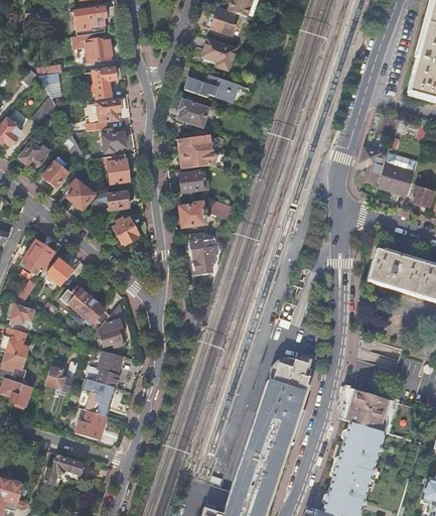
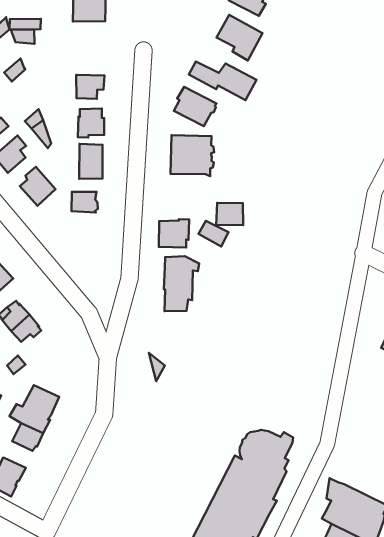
building: [88,69,118,102] -> none
building: [180,171,203,191] -> [216,203,243,225]
building: [113,218,138,245] -> none
building: [96,302,126,347] -> none

